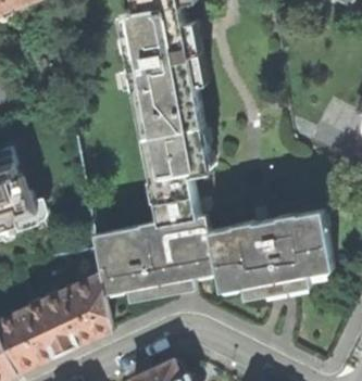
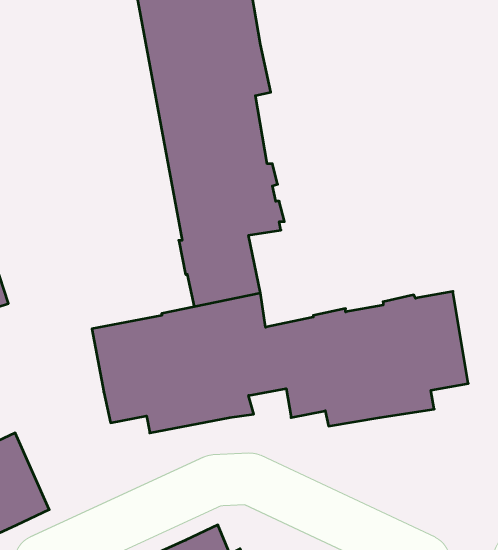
building: [43,275,111,350] -> none

